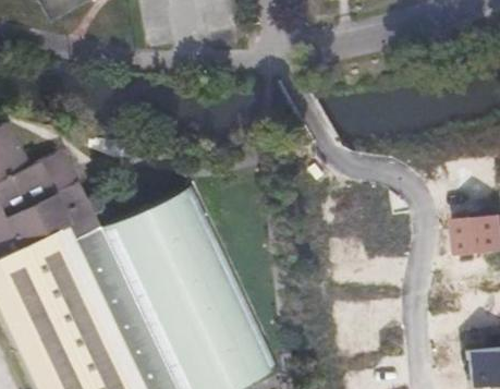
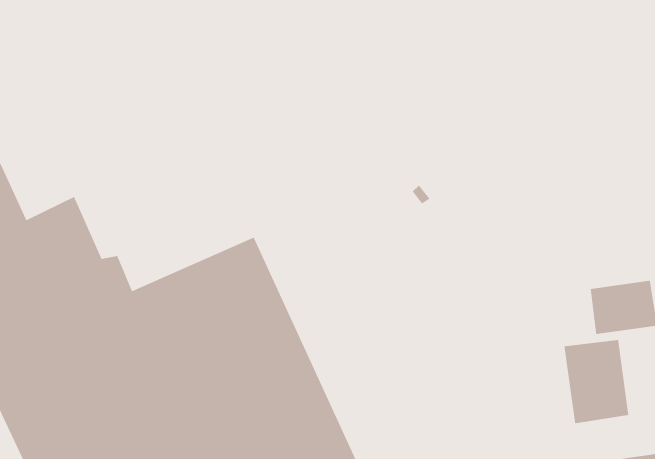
building: none -> [563,339,629,424]

